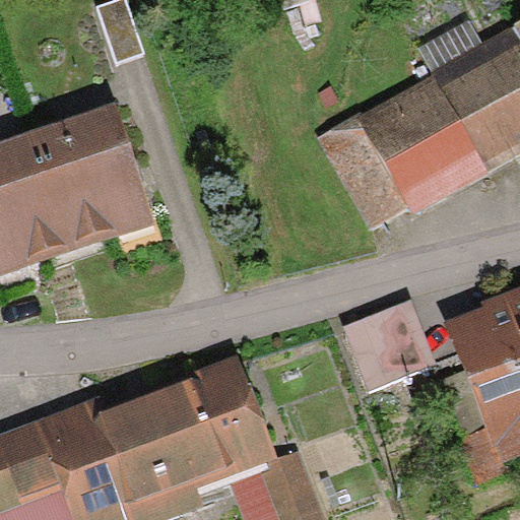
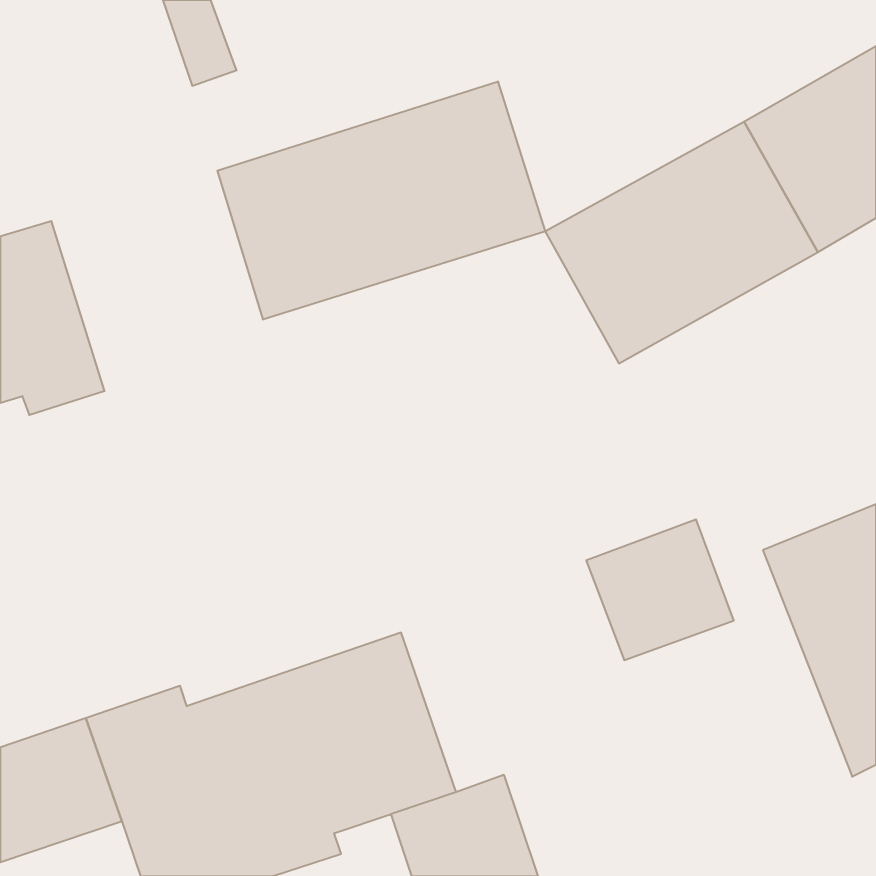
building: none -> [217,81,545,320]
building: [30,106,138,232] -> none

